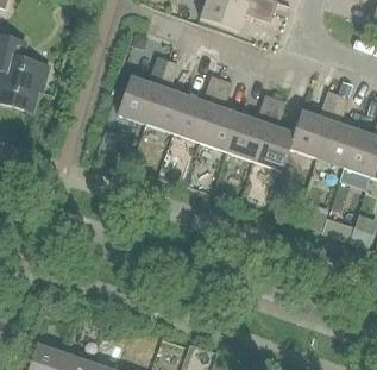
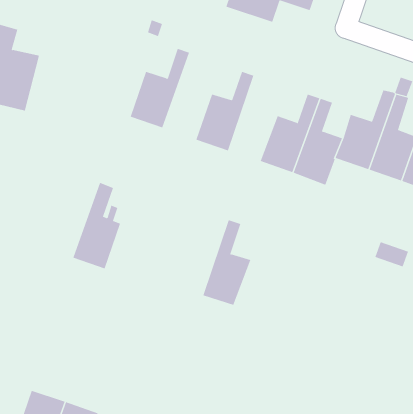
building: [146,61,187,133] -> [72,182,121,269]
building: [201,80,241,151] -> [202,220,251,305]

